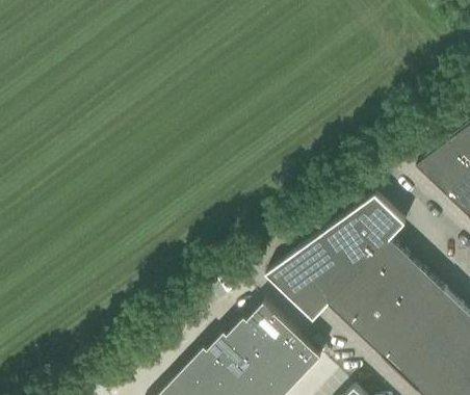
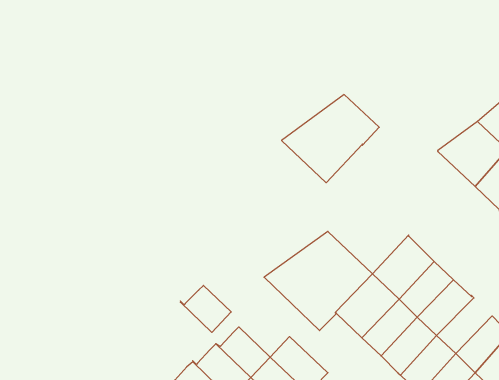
building: [321,196,406,272] -> [282,95,379,183]
building: [415,293,463,341] -> none
building: [244,304,288,344] -> [180,285,231,332]

